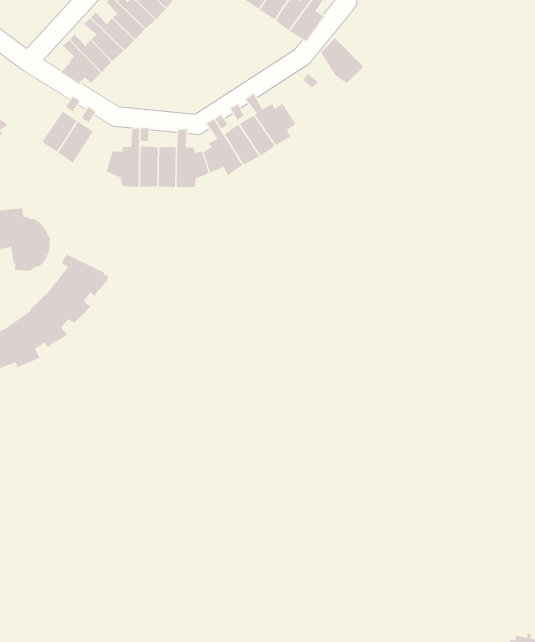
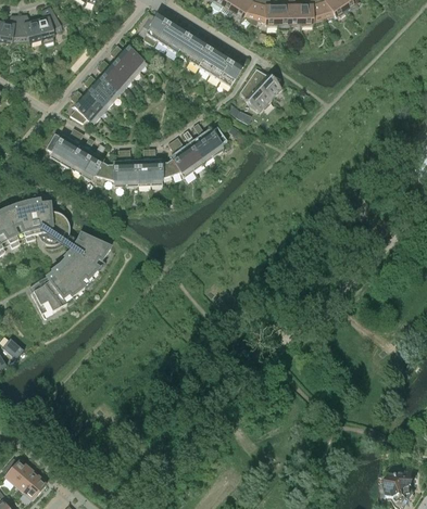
building: none -> [249,68,280,99]
building: none -> [46,127,78,161]
building: none -> [81,142,106,180]

